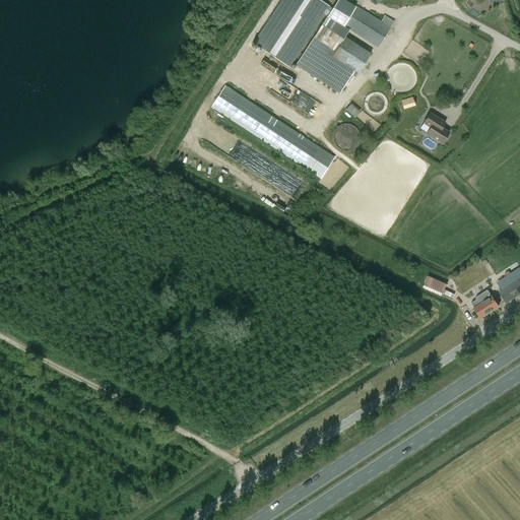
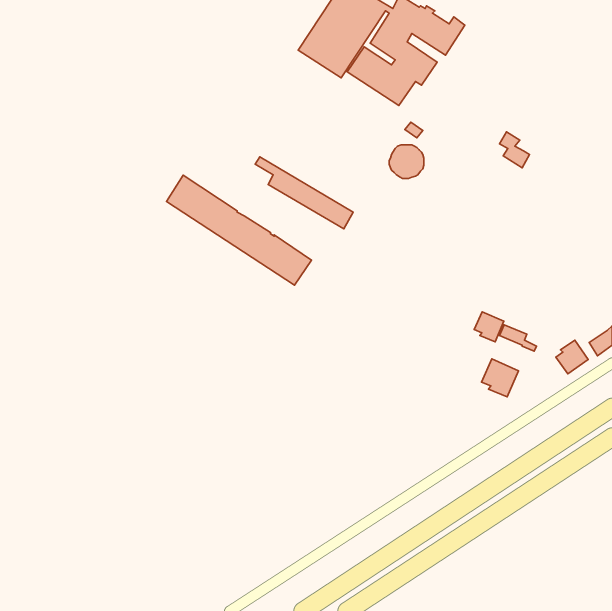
building: [211,84,334,178] -> [166,175,311,285]
building: none -> [474,312,504,342]
building: none -> [482,359,518,397]

